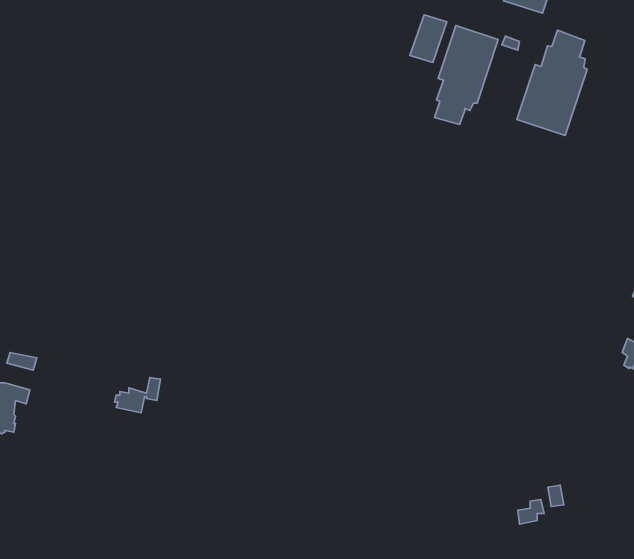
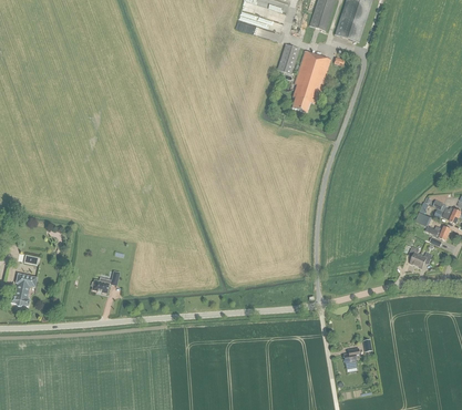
building: [517,30,587,135] -> none

